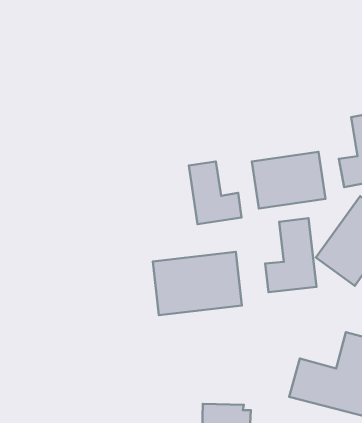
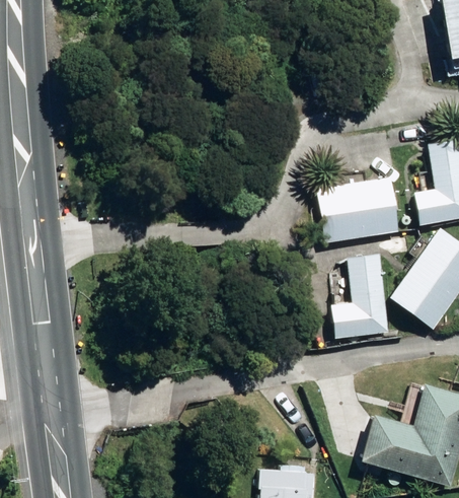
building: [189,162,241,224] -> none
building: [153,252,242,315] -> none

